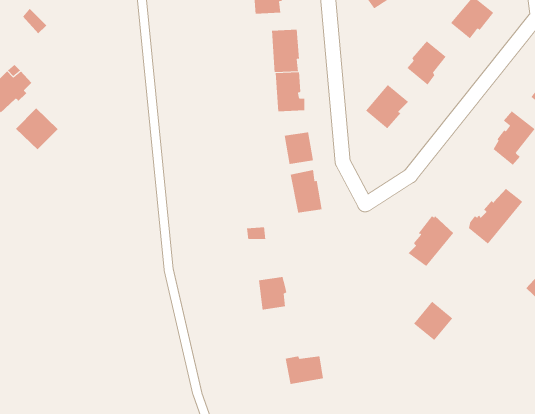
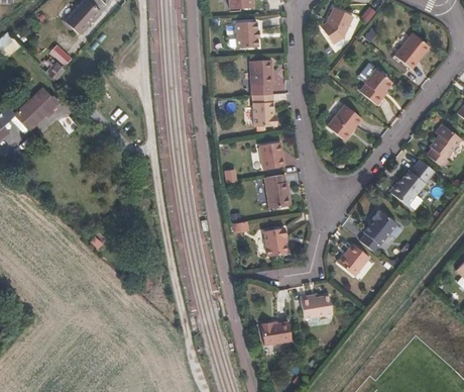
building: [15,108,59,150] -> none
building: [468,188,523,244] -> [391,161,436,206]
building: [258,276,287,310] -> [263,228,286,256]
building: [413,301,453,341] -> [338,244,370,277]
building: none -> [303,295,334,319]

